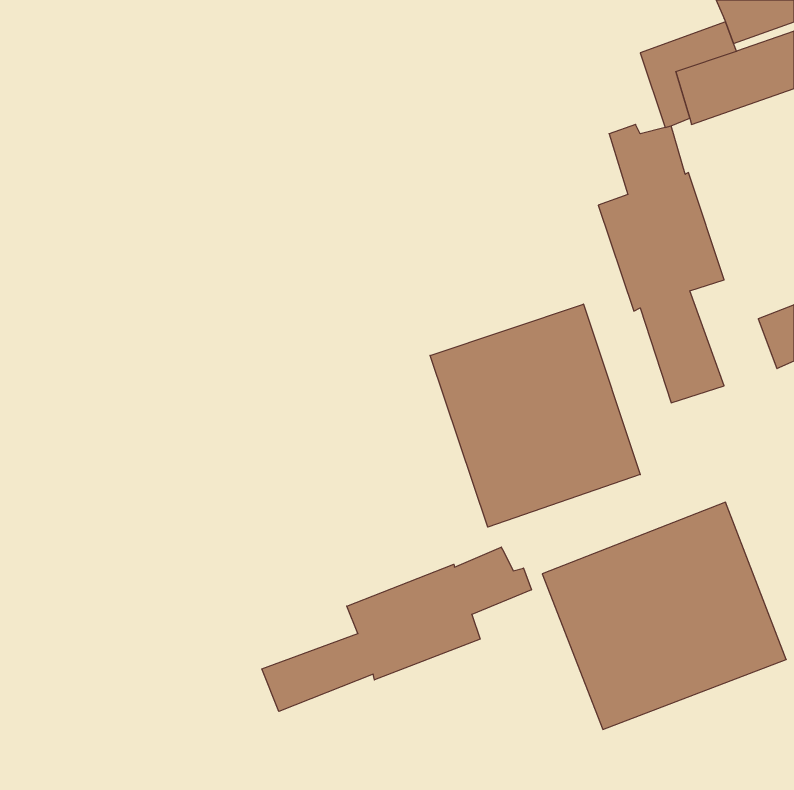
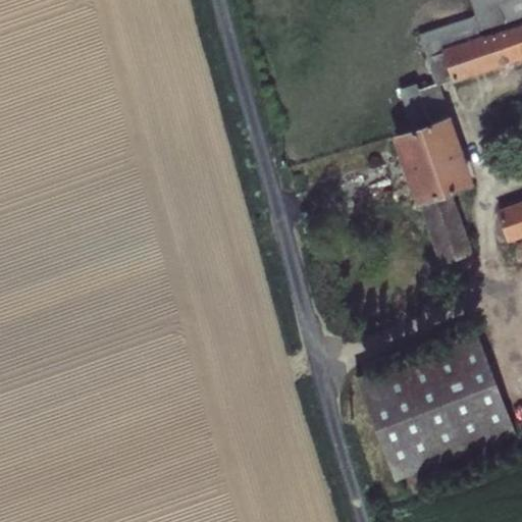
building: [430,304,640,527] -> none
building: [262,547,531,711] -> none

